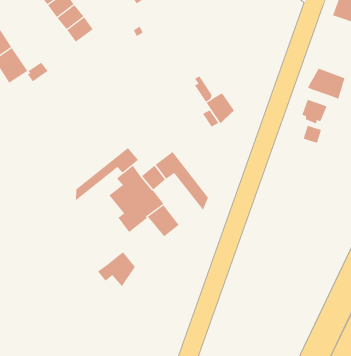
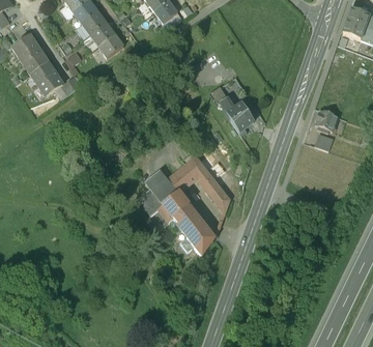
building: [307,68,345,99] -> none
building: [75,147,139,201] -> none
building: [97,251,136,287] -> [179,223,214,256]

